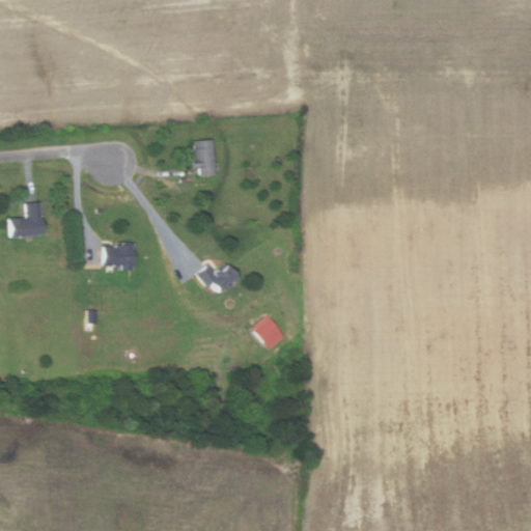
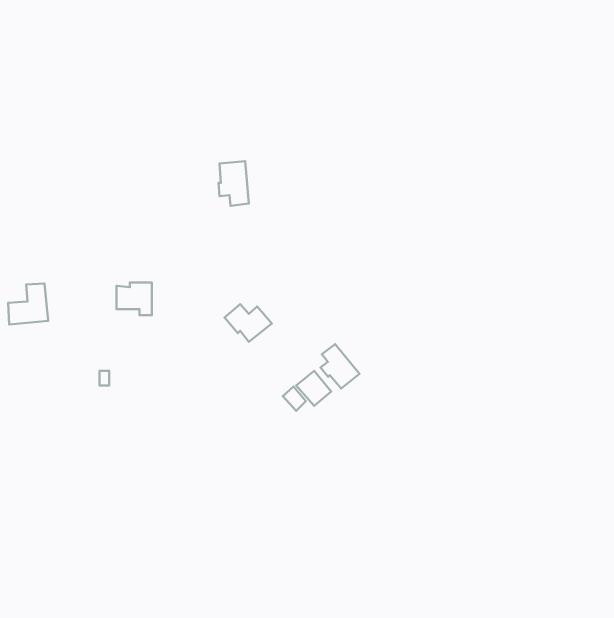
building: [10,202,45,237] -> [8,283,48,325]
building: none -> [321,344,360,388]

